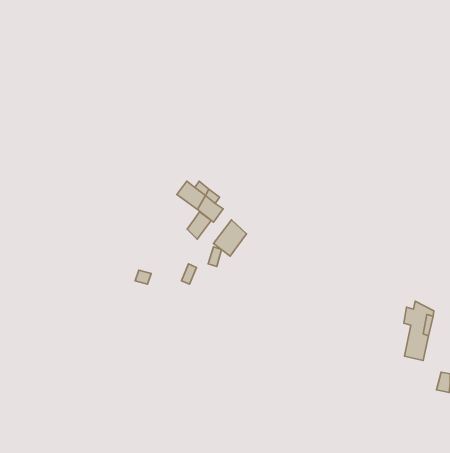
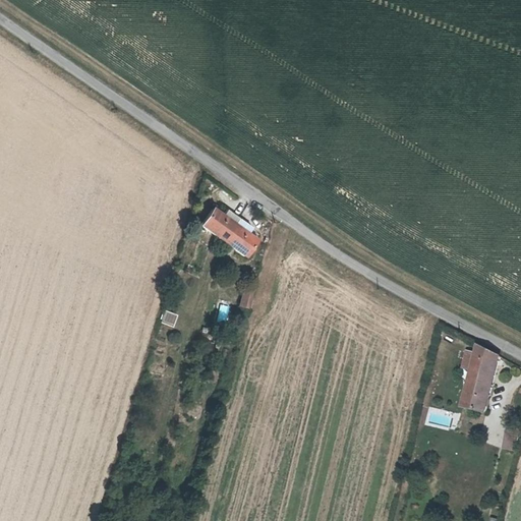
building: [187,212,211,239] -> none
building: [213,220,246,256] -> none

